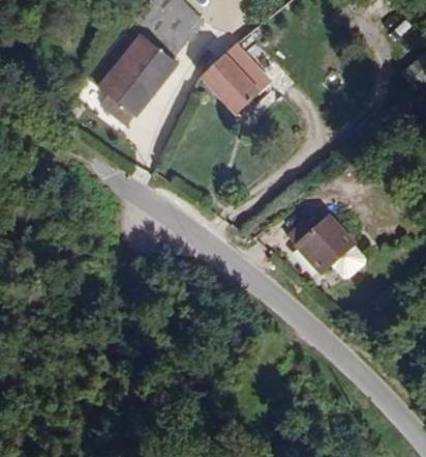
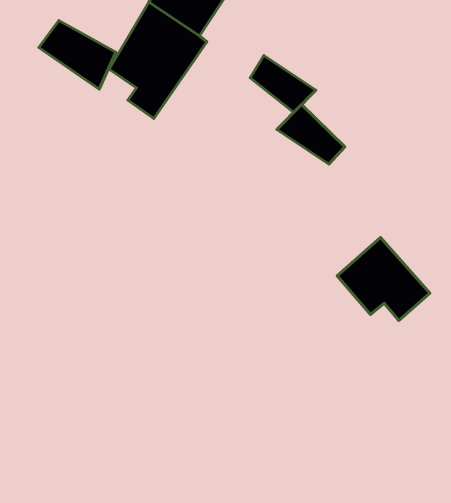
building: none -> [39,20,116,89]
building: [224,48,281,97] -> [277,105,345,164]

